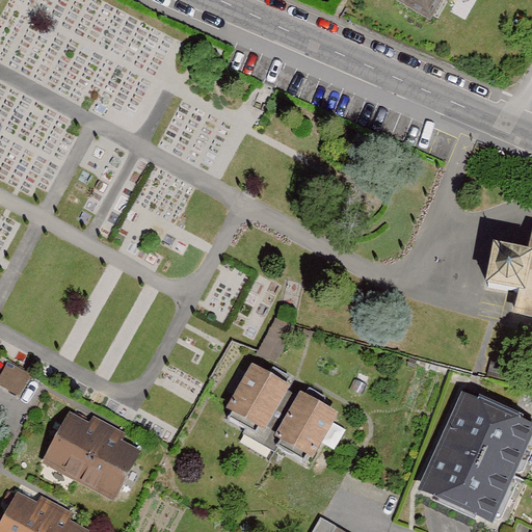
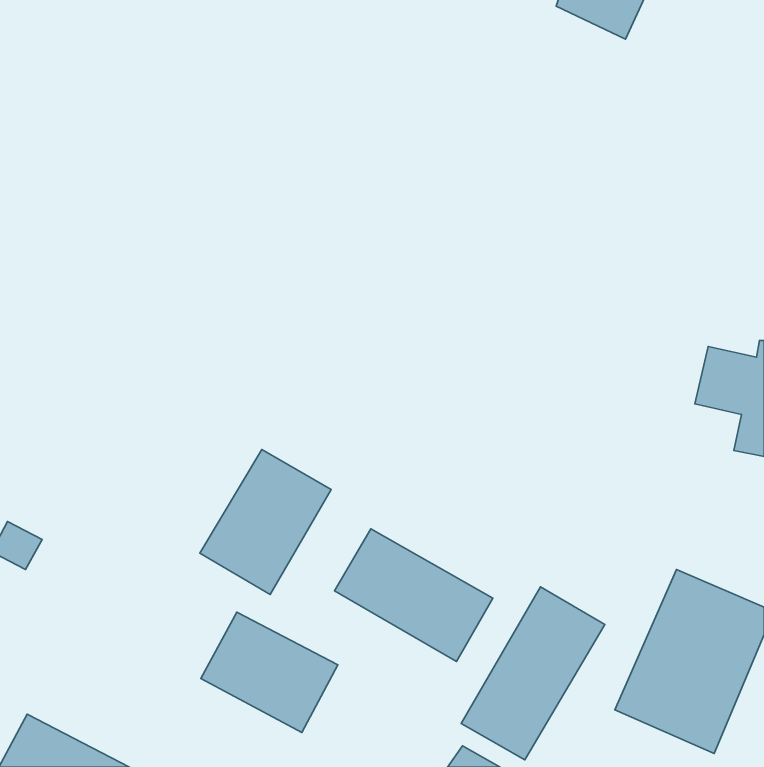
building: none -> [200,450,331,594]
building: none -> [461,587,605,760]
building: [45,416,139,499] -> [201,612,338,733]

